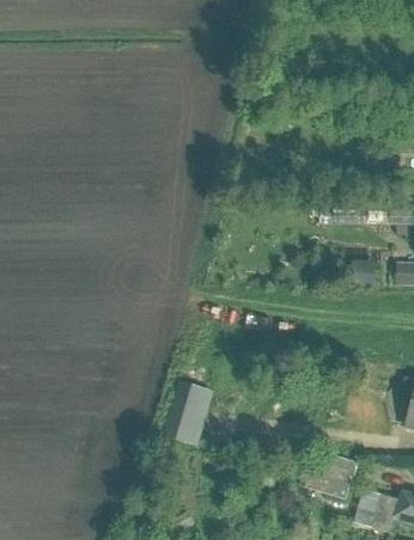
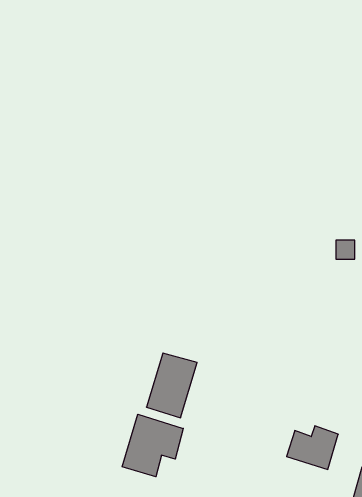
building: none -> [122,414,183,477]

